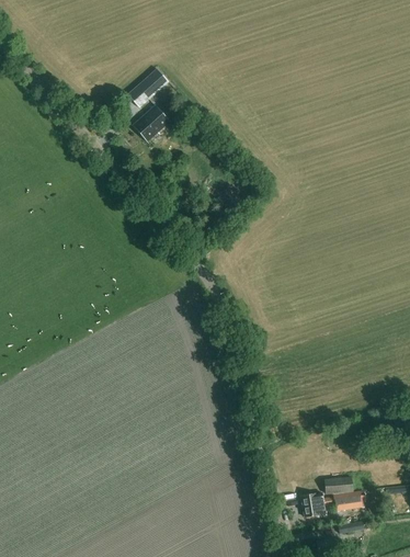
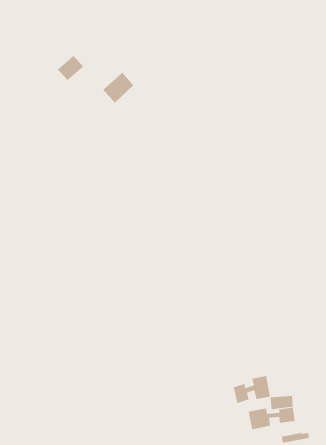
building: [137,69,168,99] -> [57,55,84,81]
building: none -> [233,375,271,404]

